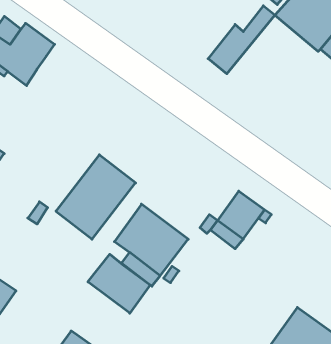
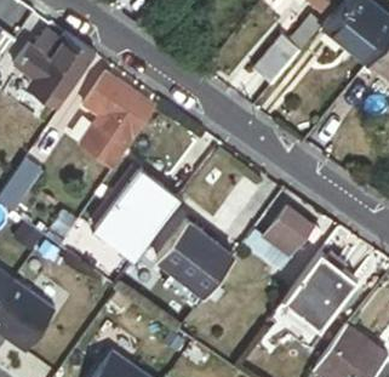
building: none -> [79,73,153,166]
building: none -> [282,250,357,327]
building: [88,254,150,313] -> none

